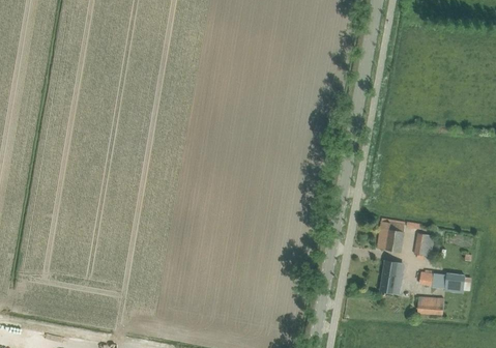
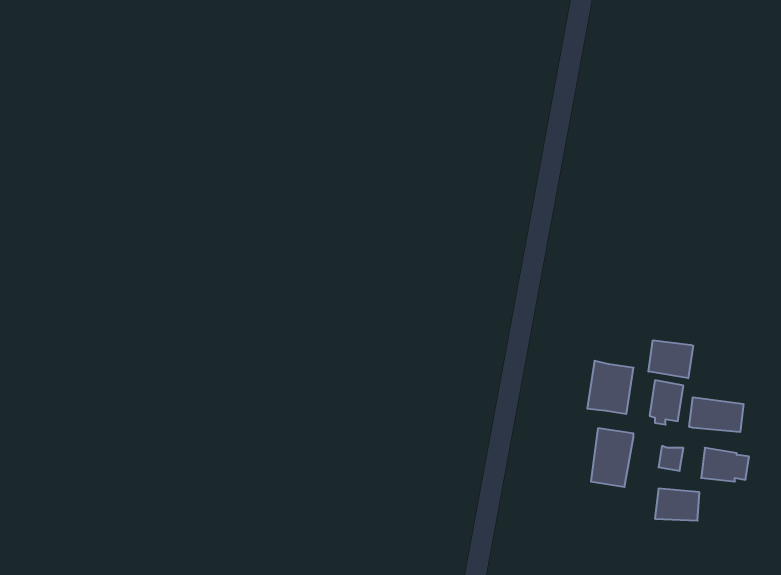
building: none -> [648,340,693,378]
building: none -> [689,397,743,432]

